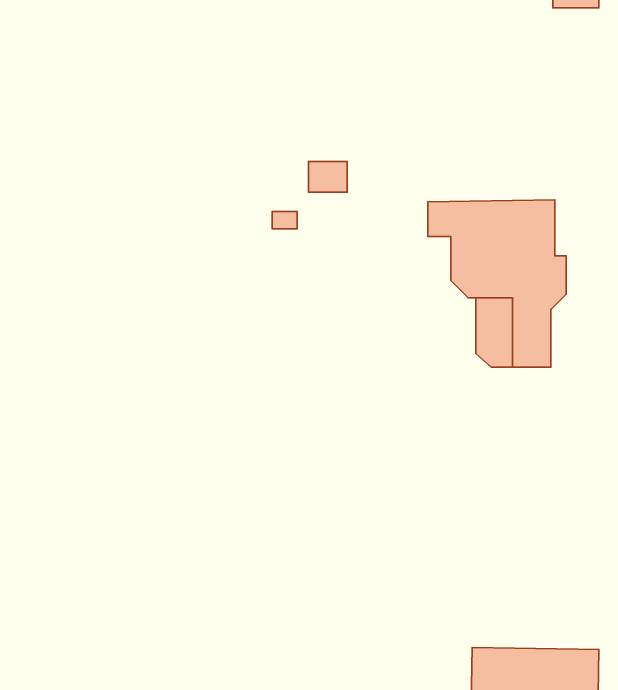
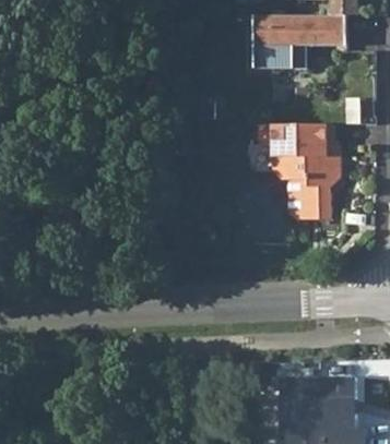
building: none -> [255,15,347,69]

